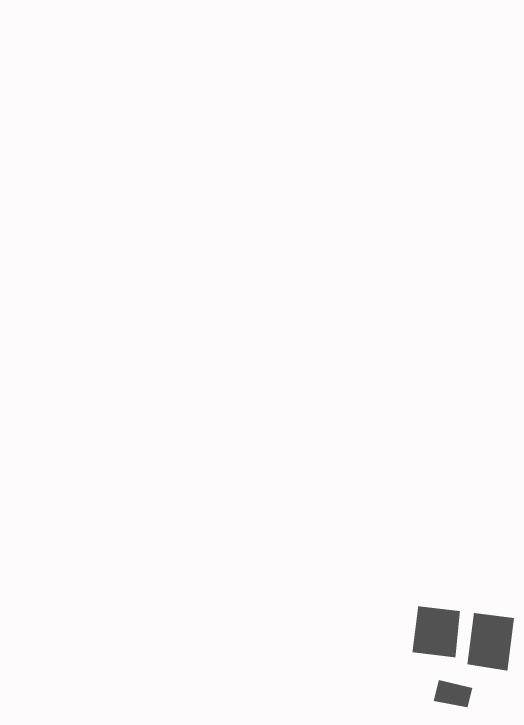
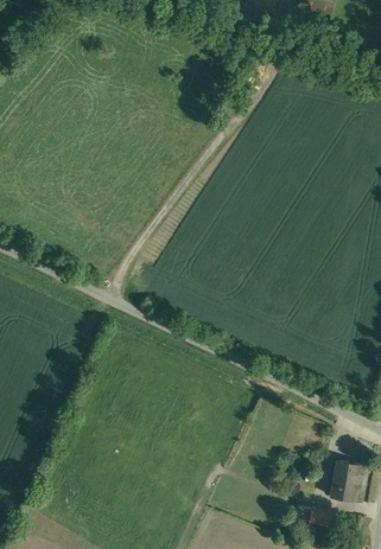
building: [412,605,461,658] -> none

